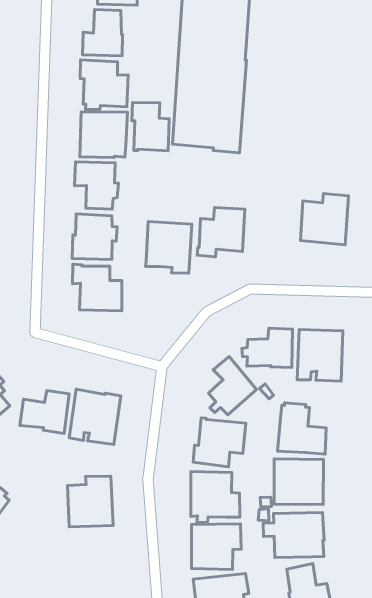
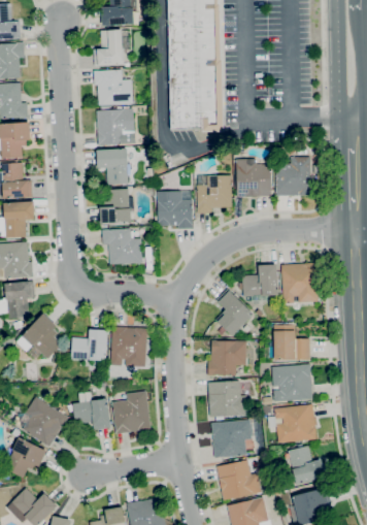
building: [132,103,169,151] -> none
building: none -> [236,159,271,196]
building: none -> [72,398,110,429]

